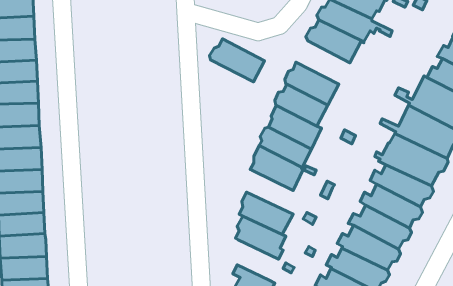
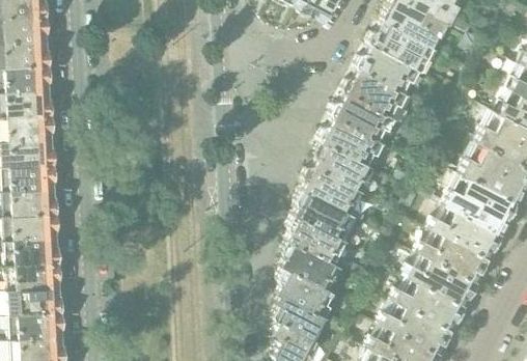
building: [210,39,265,82] -> [342,71,405,119]
building: none -> [284,217,345,263]
building: none -> [273,296,325,341]

